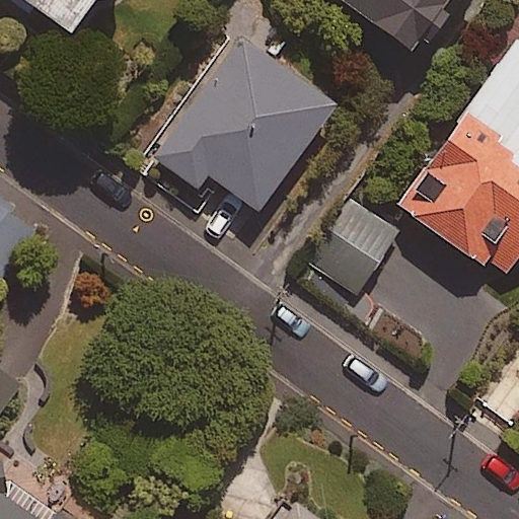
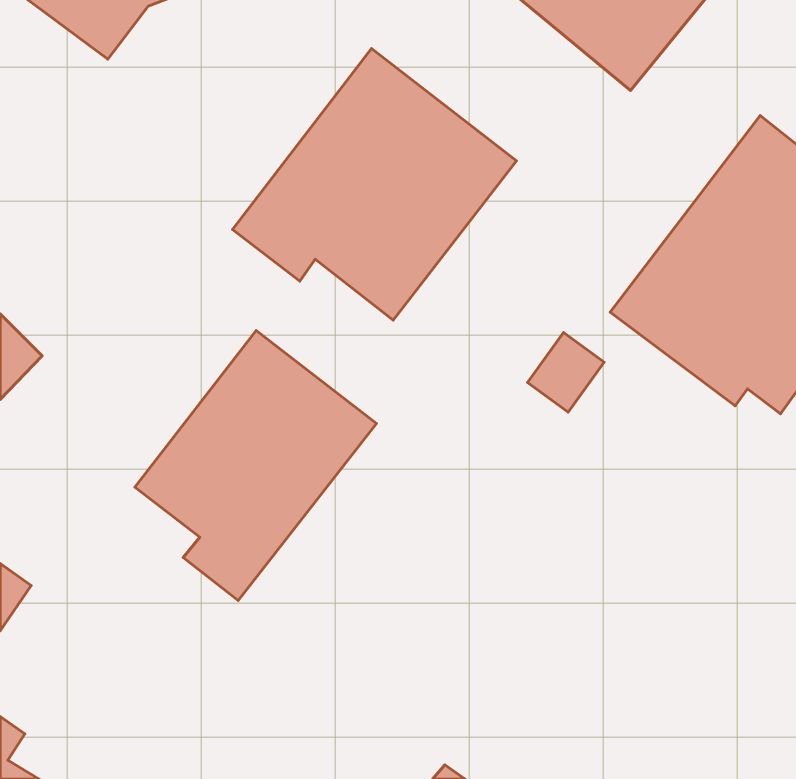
building: none -> [135,330,376,601]

